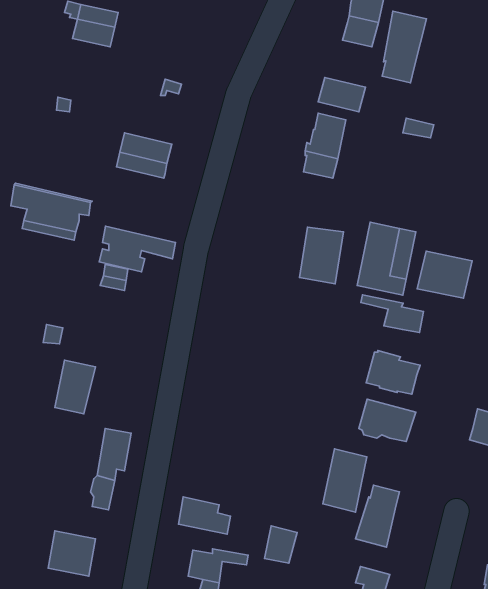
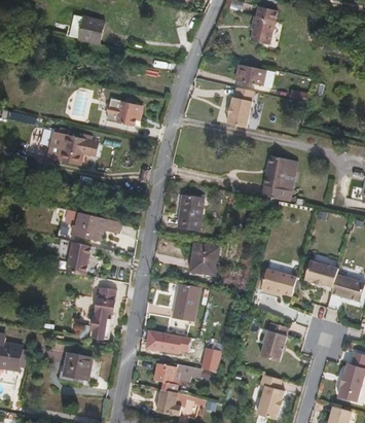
building: [382,11,426,83] -> none
building: [99,226,176,272] -> [76,212,124,241]
building: [300,227,343,284] -> [176,193,204,230]
building: [417,251,472,298] -> none
building: [361,295,424,332] -> none
building: [366,350,420,394] -> [304,258,338,286]
building: none -> [188,243,217,275]
building: [323,449,367,512] -> [171,282,198,322]

